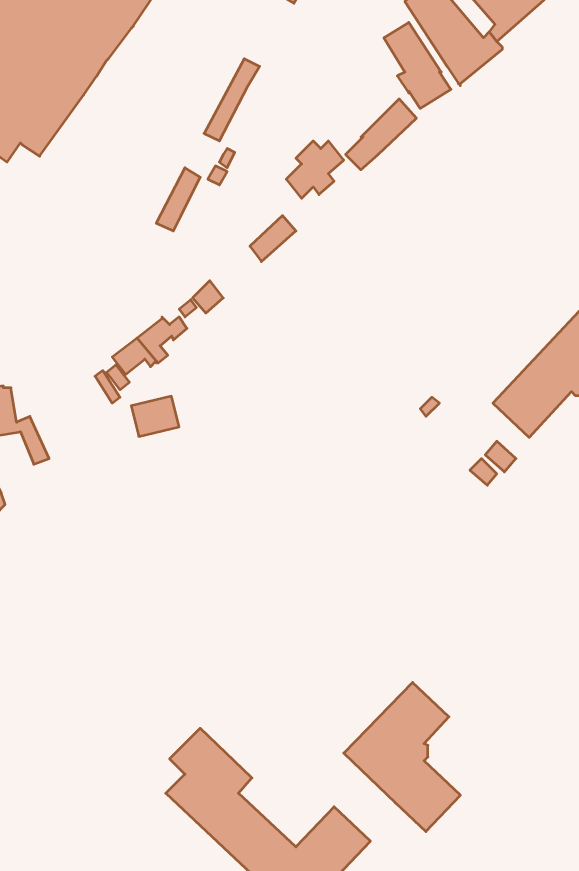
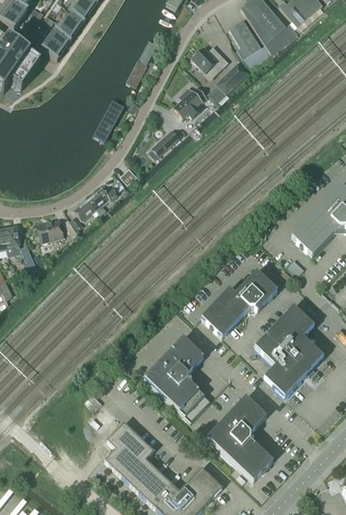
building: none -> [191,46,227,78]
building: [131,396,179,436] -> [35,219,62,242]
building: none -> [199,271,276,337]
building: none -> [253,307,321,397]
building: none -> [142,337,209,422]

